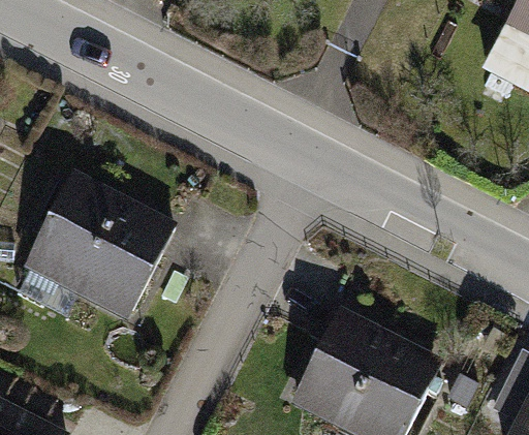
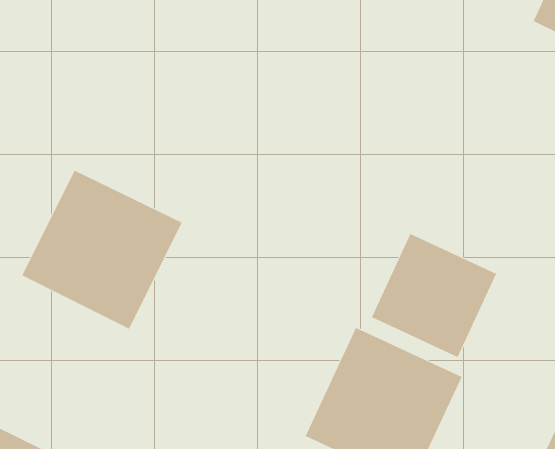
building: none -> [371,233,497,358]

